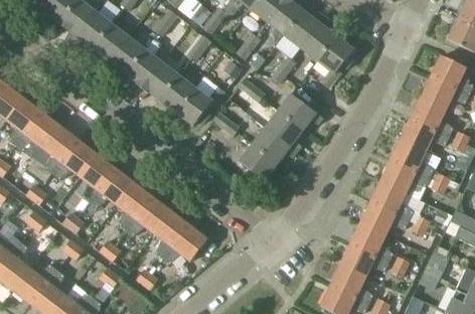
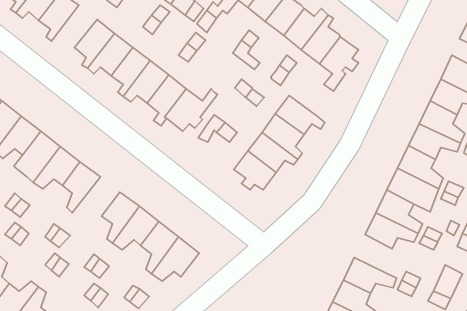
building: [68,8,111,47] -> none
building: [88,167,132,206] -> none
building: [349,220,392,261] -> none

